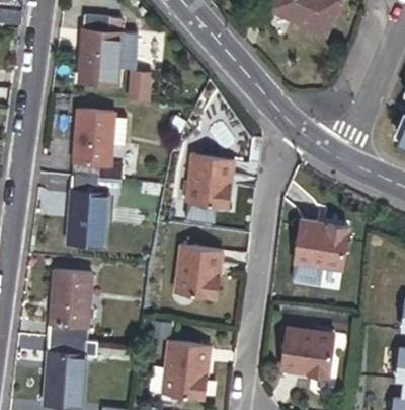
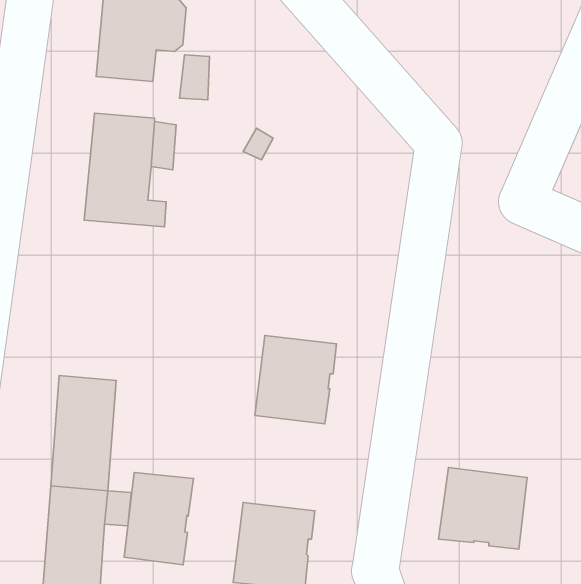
building: [184,153,235,207] -> none
building: [64,175,118,244] -> none
building: [299,218,352,269] -> none
building: none -> [124,472,193,565]

